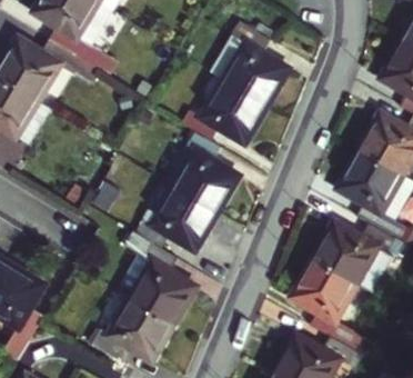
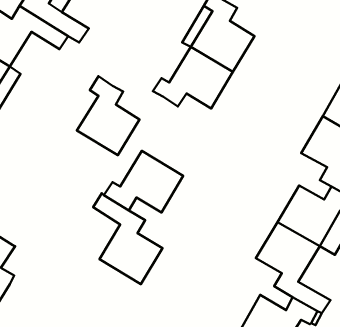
building: [173,130,238,211] -> [77,76,140,155]
building: [91,297,172,359] -> none

